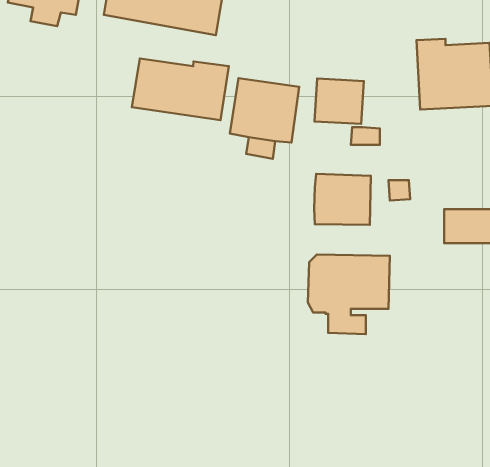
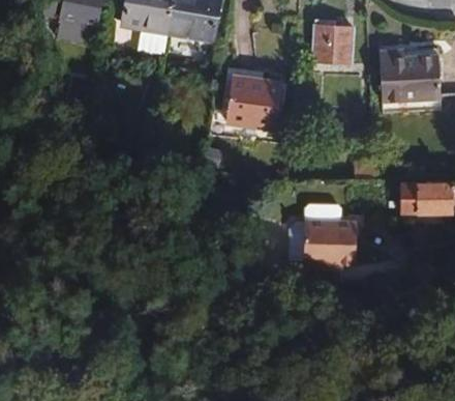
building: [132,58,229,120] -> none
building: [315,79,364,124] -> [313,26,354,63]
building: [314,174,371,225] -> none

